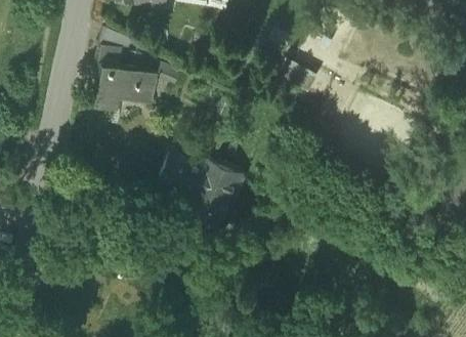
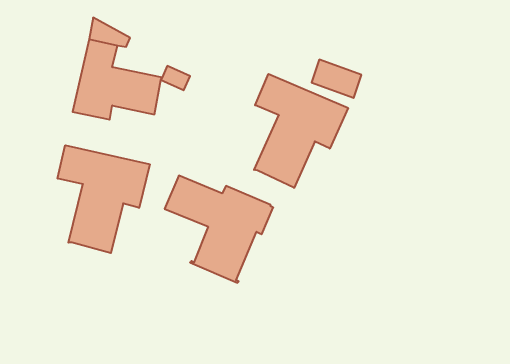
building: none -> [254,74,348,188]
building: none -> [58,145,150,253]

